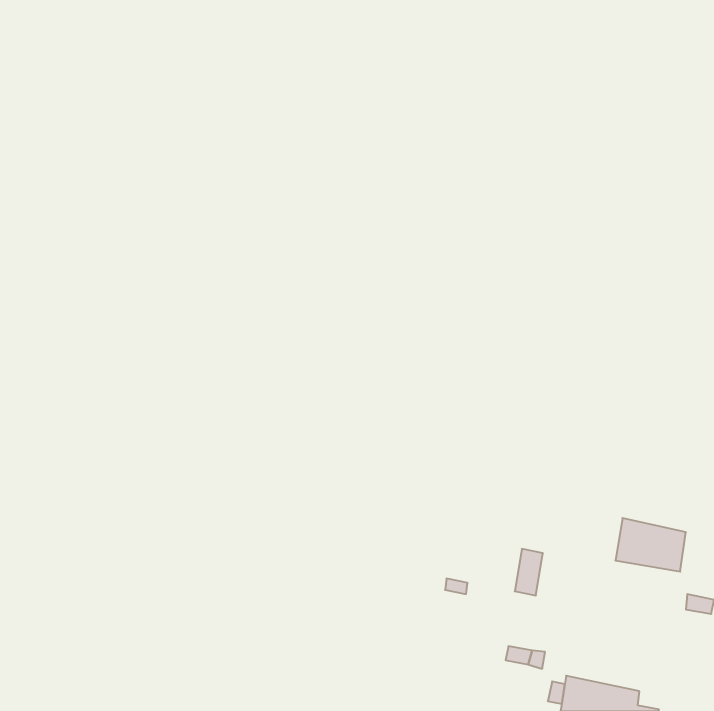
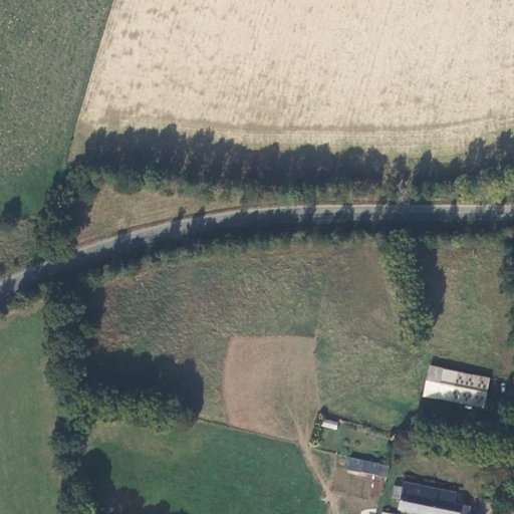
building: [515,549,543,595] -> [424,366,444,400]

